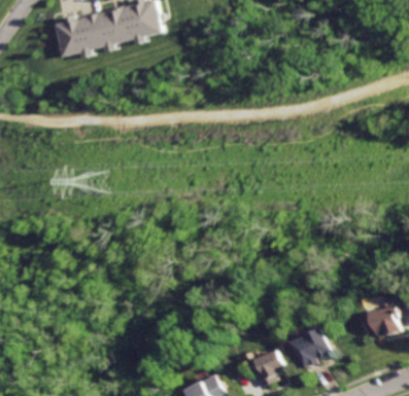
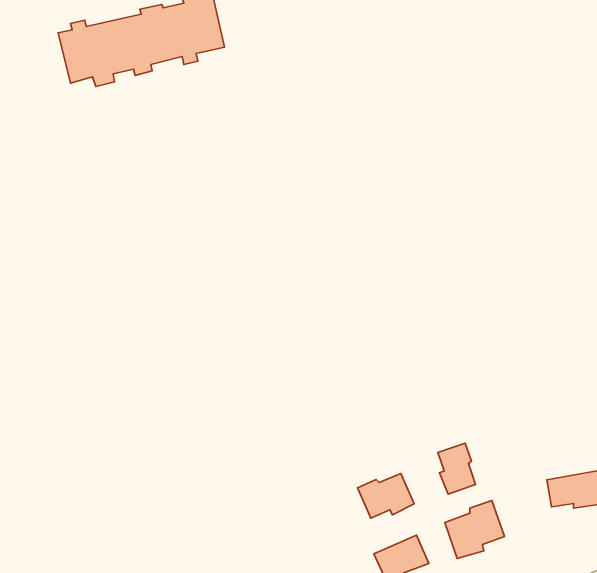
building: none -> [438,443,475,494]
building: none -> [357,473,414,518]

